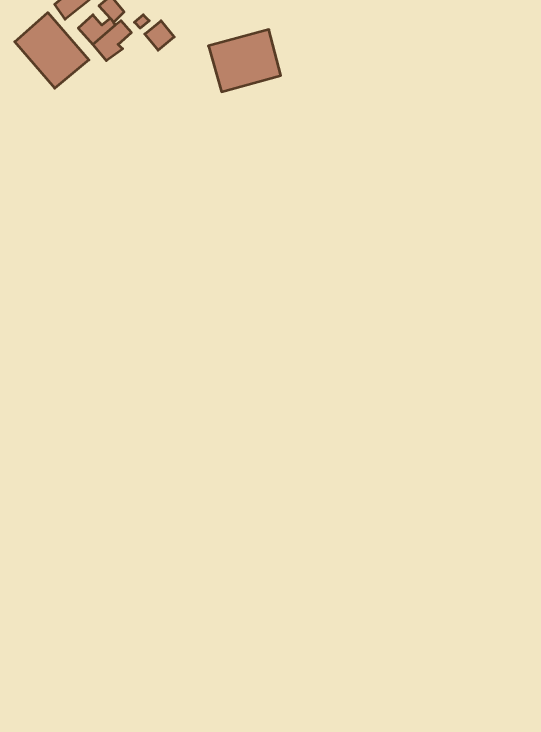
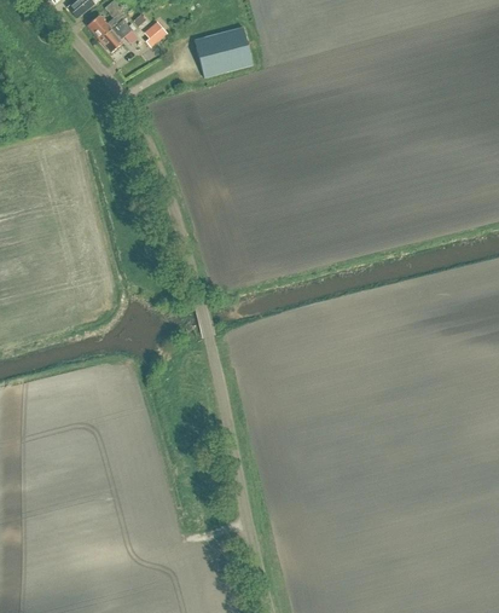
building: [15,13,89,88] -> none

